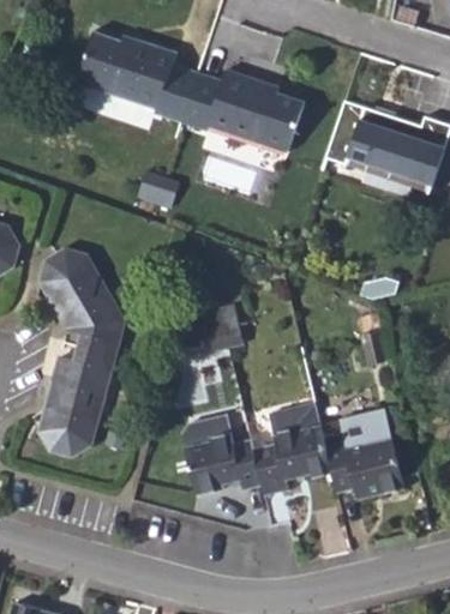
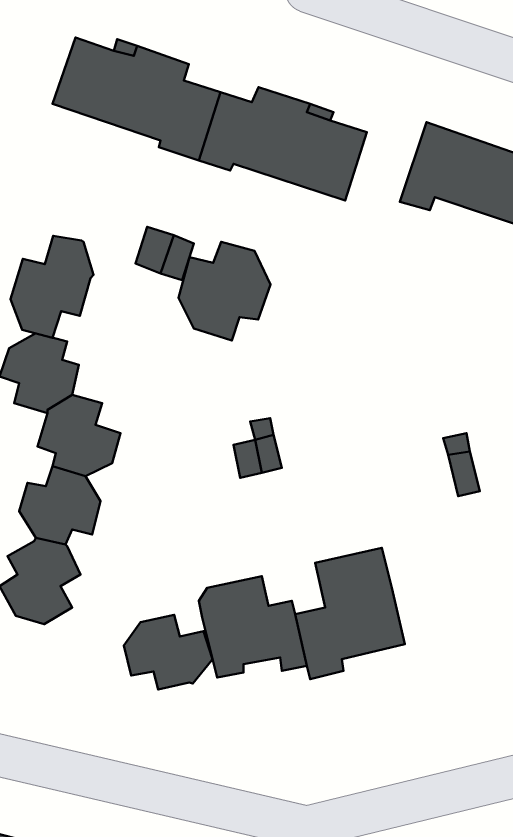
building: none -> [11,236,94,338]
building: none -> [179,242,270,341]
building: [322,416,403,500] -> none
building: none -> [124,615,212,690]

